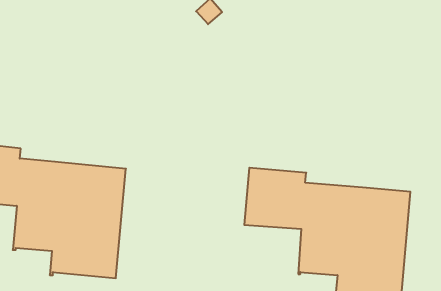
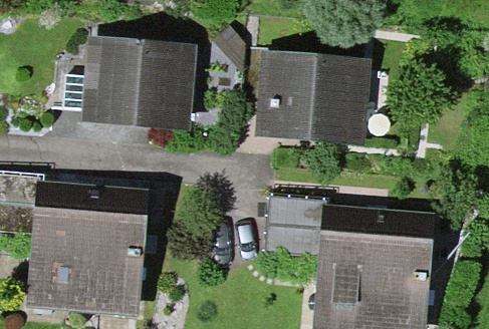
building: none -> [68,46,189,122]
building: none -> [244,50,362,138]

